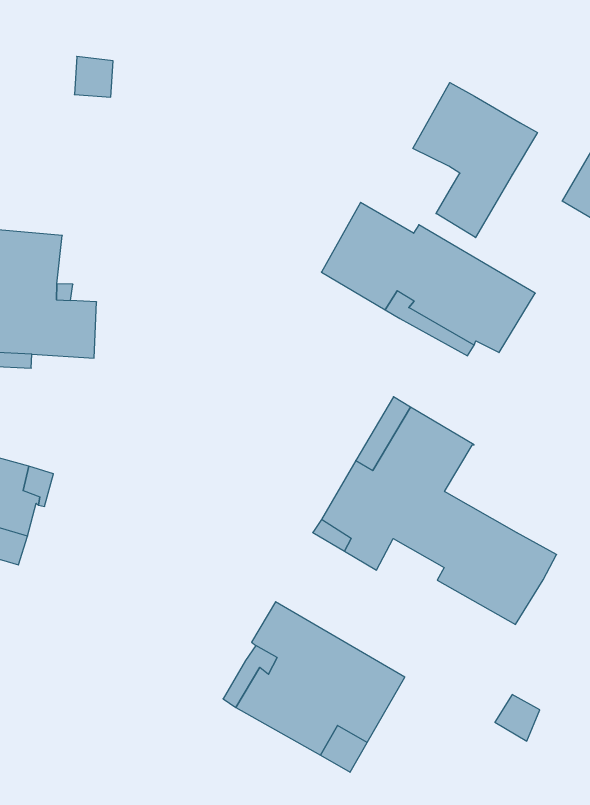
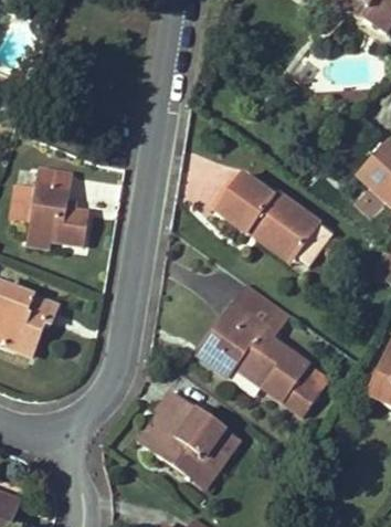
building: [413,83,537,238] -> none

